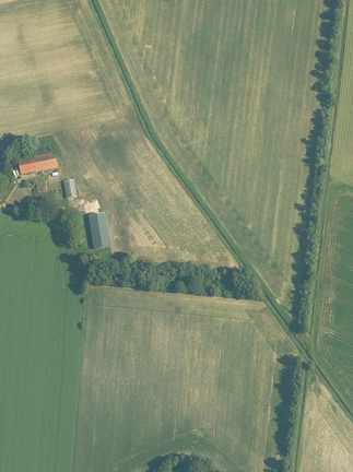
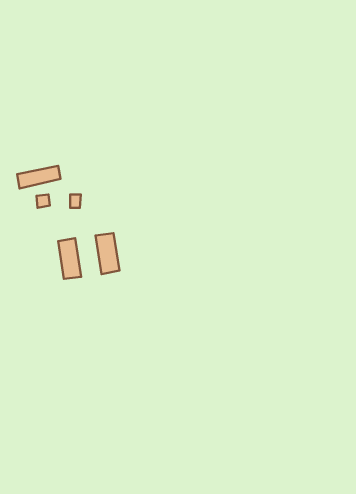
building: none -> [58,238,81,279]

